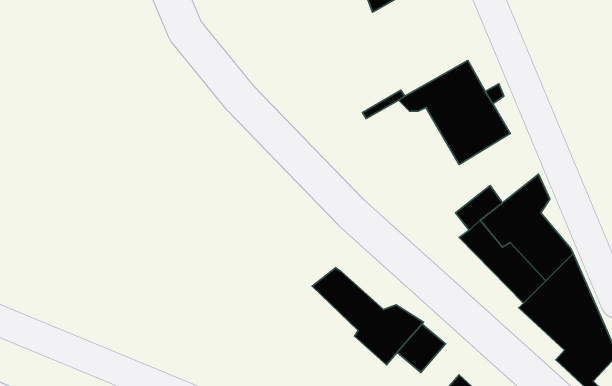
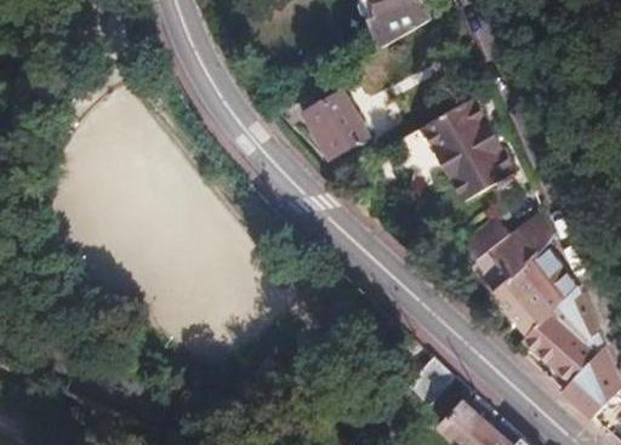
building: none -> [303,91,368,158]
building: [312,268,424,365] -> none

